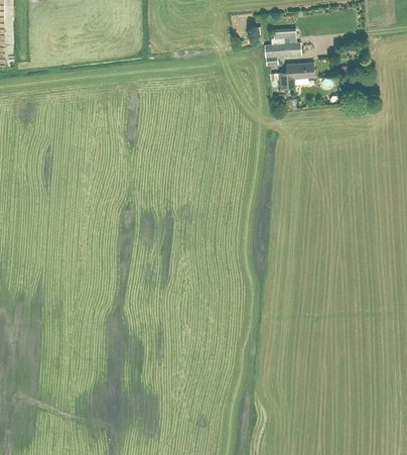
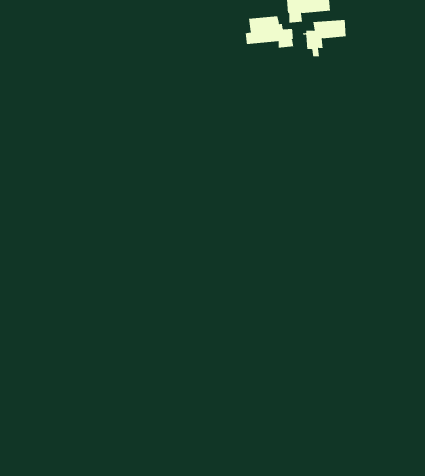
building: none -> [245,15,294,48]

